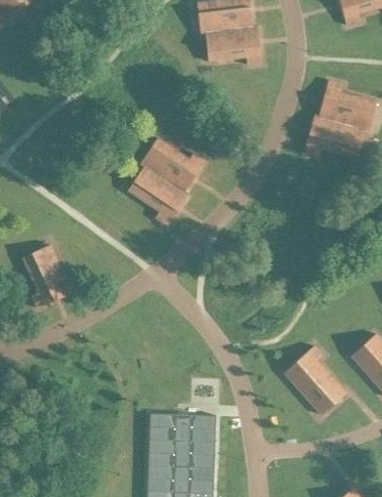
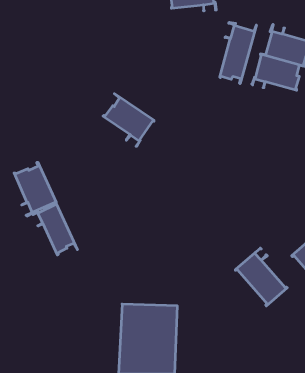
building: none -> [220,22,256,84]
building: [140,137,205,194] -> none
building: none -> [33,203,77,255]

